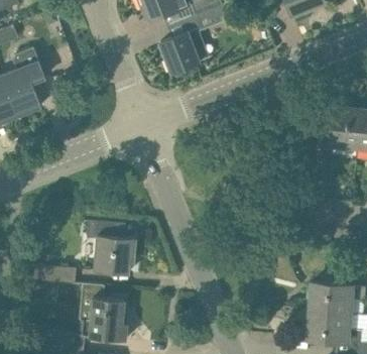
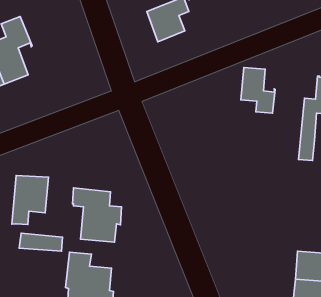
building: none -> [241,67,275,113]
building: none -> [12,176,49,224]

